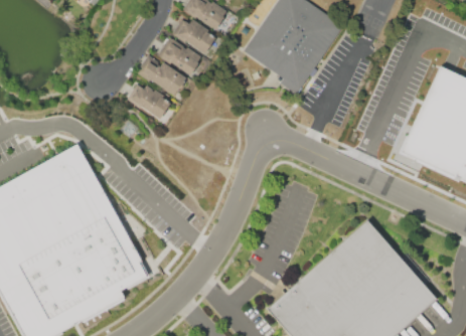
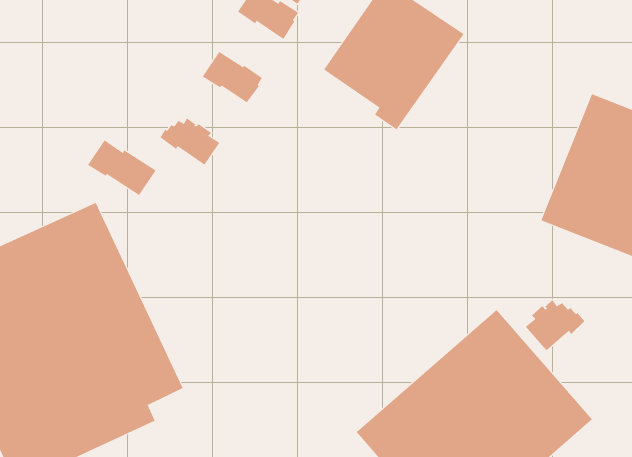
building: [172,18,215,52] -> none
building: [137,54,186,95] -> [87,140,156,196]
building: none -> [525,299,585,351]

